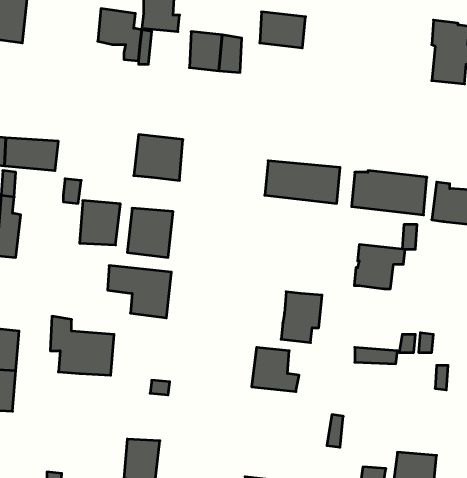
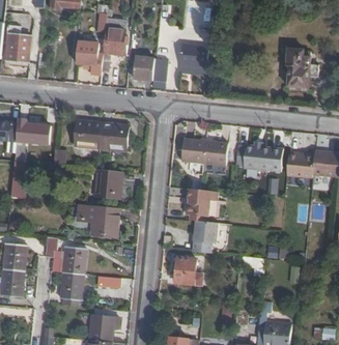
building: [80,201,120,245] -> [75,119,101,147]
building: [354,245,405,289] -> [186,188,218,215]
building: none -> [61,272,83,299]

